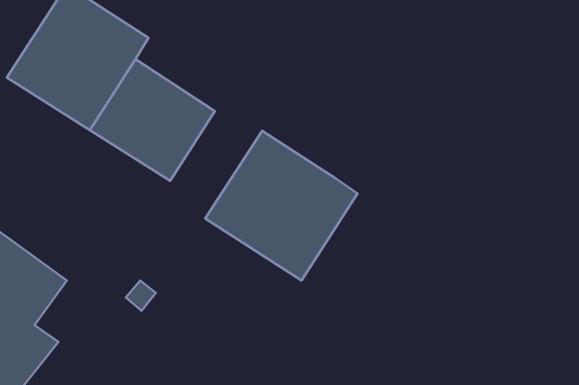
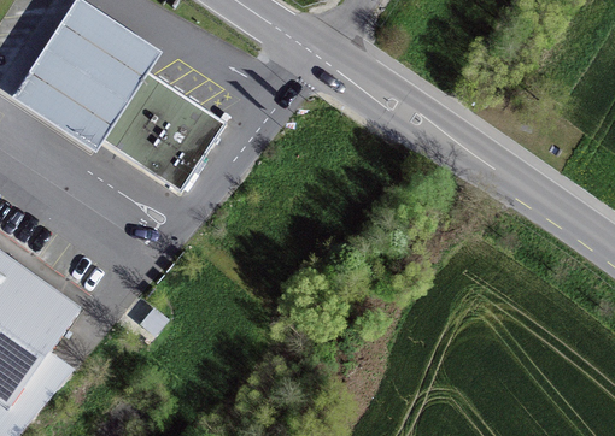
building: [205,131,358,280] -> none

